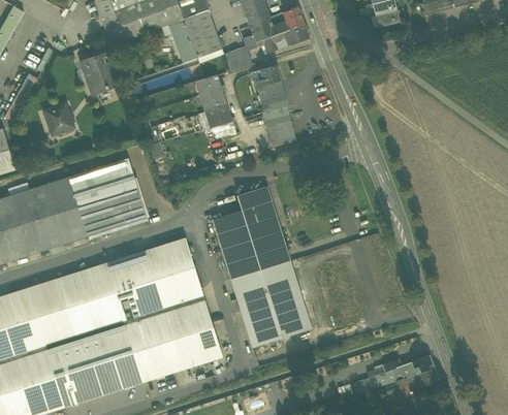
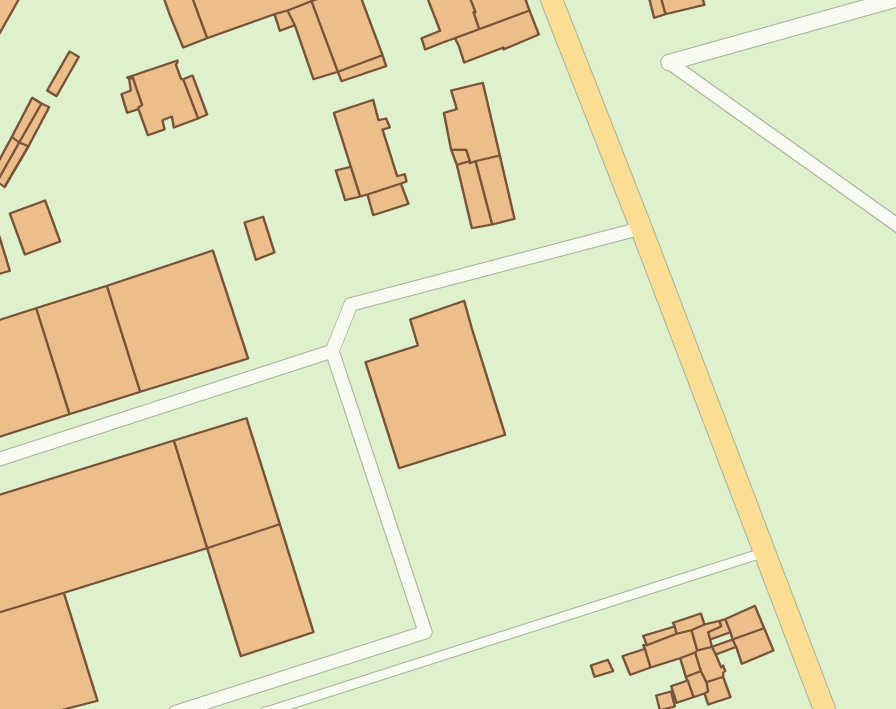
building: [226,39,264,69] -> none
building: [45,103,73,133] -> [10,201,60,255]
building: [147,237,223,369] -> none
building: [231,259,312,347] -> none
building: [45,322,144,407] -> none

